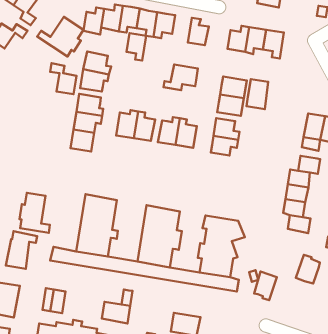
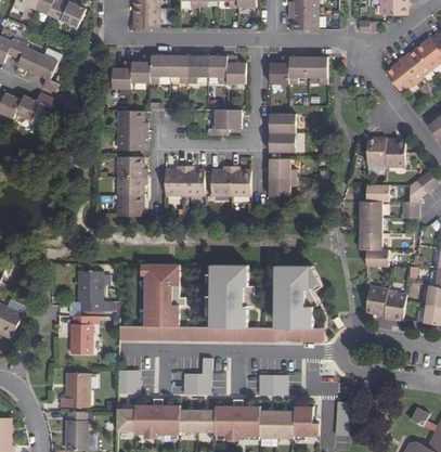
building: [37,17,83,56] -> none
building: [126,33,146,60] -> [208,56,226,83]
building: [50,63,76,94] -> none
building: [246,79,268,109] -> none
building: [254,271,277,300] -> [365,287,387,317]

